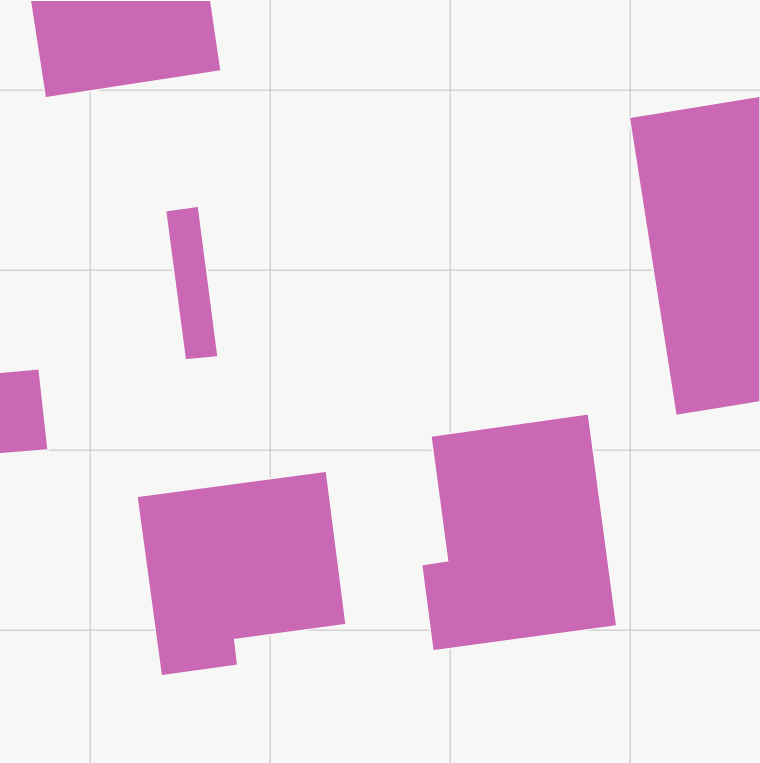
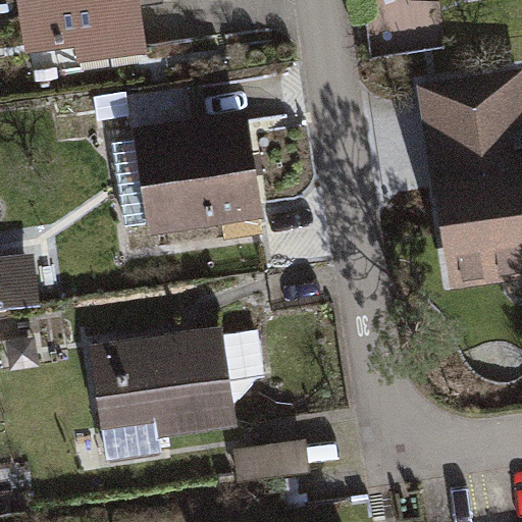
building: none -> [144,112,261,228]
building: [421,414,617,651] -> none

